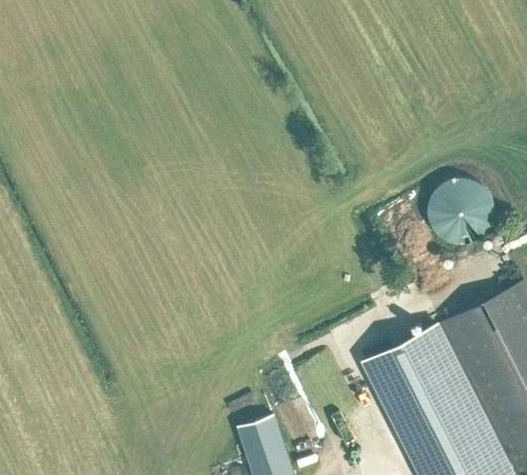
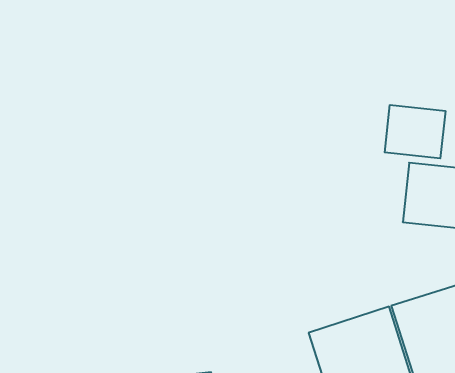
building: none -> [385,105,445,158]

